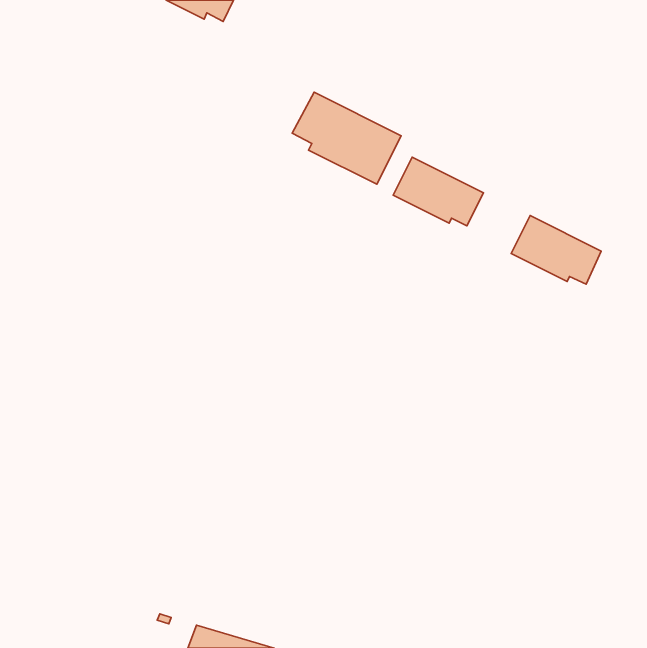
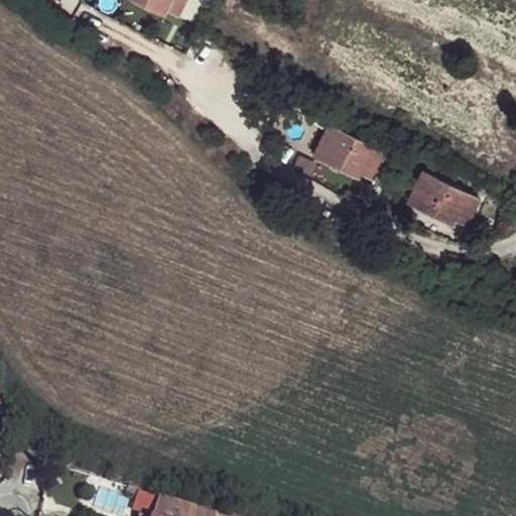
building: [292,92,401,184] -> none

